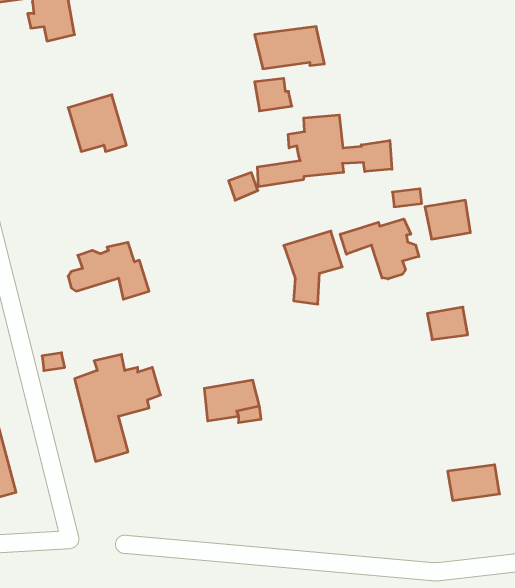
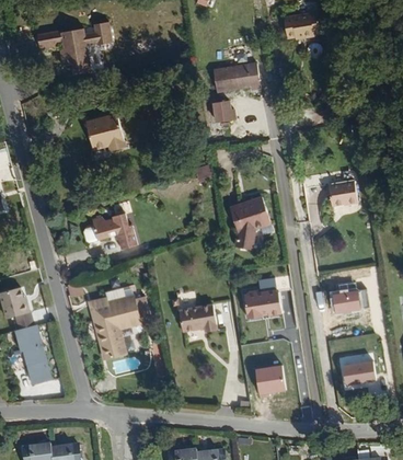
building: [257,115,392,187] -> none
building: [340,219,419,279] -> none
building: [427,307,468,340] -> [333,288,360,310]
building: none -> [244,286,281,317]
building: none -> [255,363,286,392]

